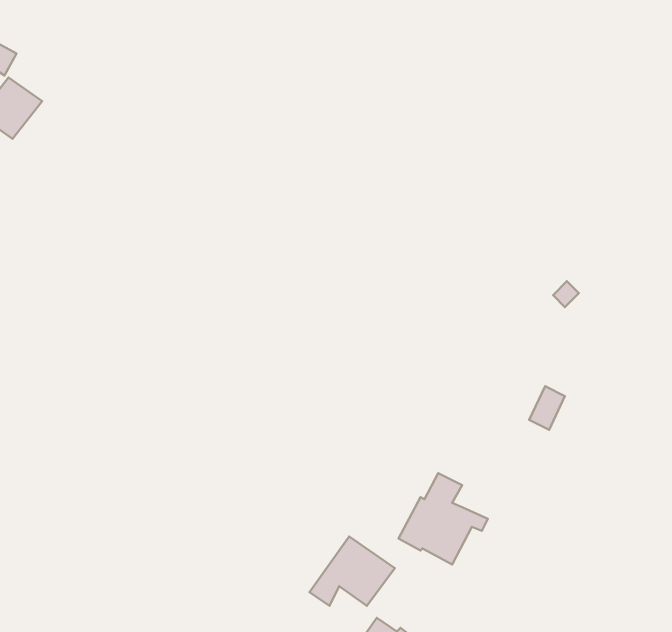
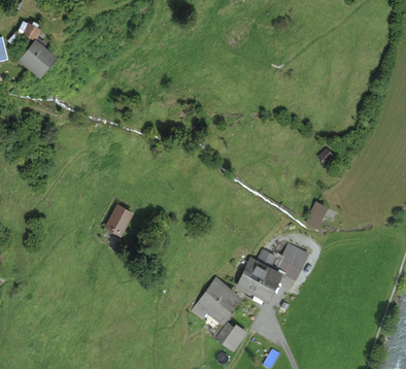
building: none -> [106,205,132,234]
building: none -> [274,243,307,277]

